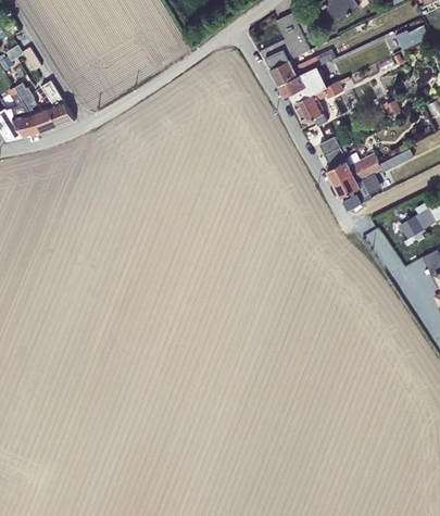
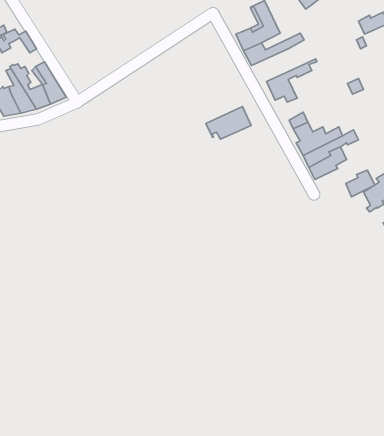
building: [277,66,327,102] -> [206,107,251,139]
building: none -> [346,170,375,197]

